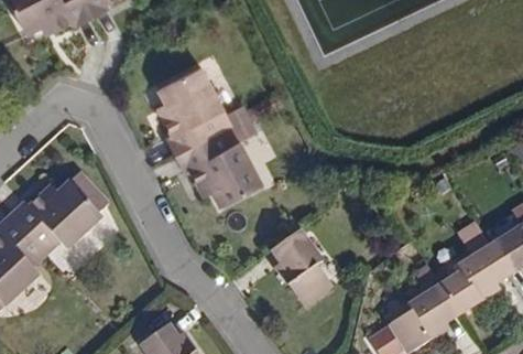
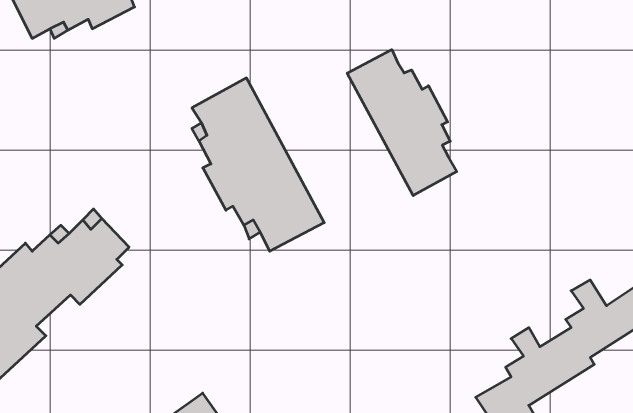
building: none -> [347,50,457,196]
building: [271,228,333,305] -> none

